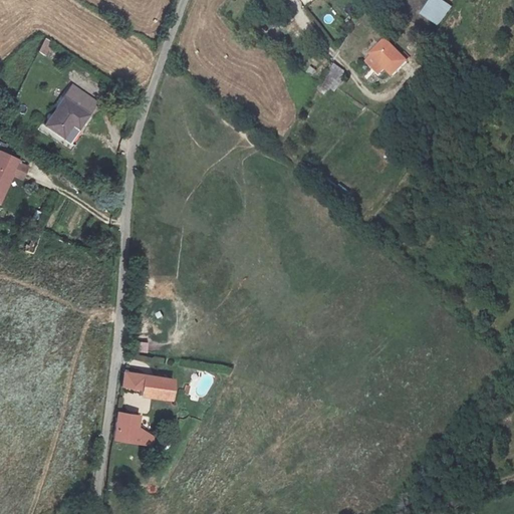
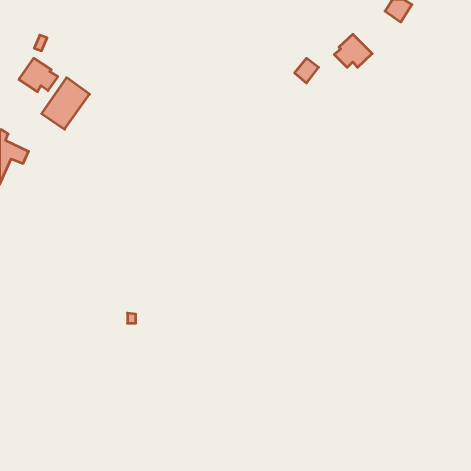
building: none -> [19,58,58,92]
building: [123,371,175,400] -> none
building: [114,414,158,447] -> none

